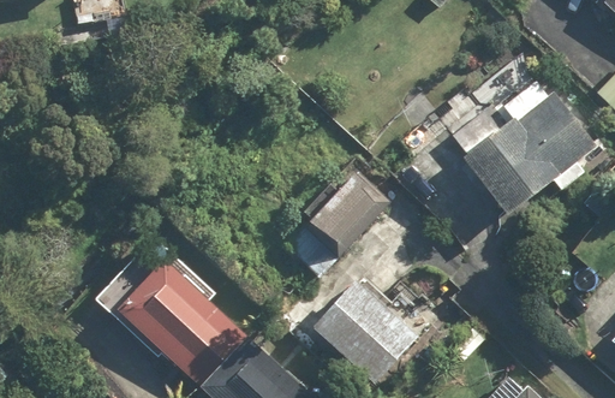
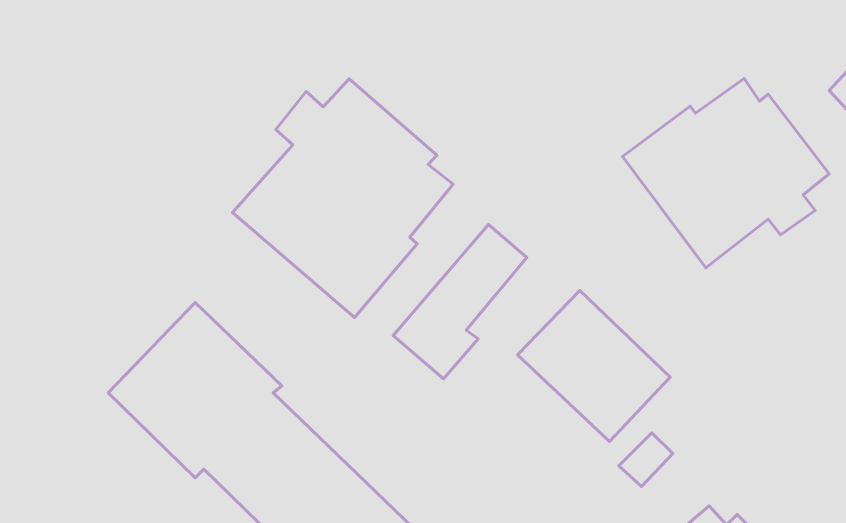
building: none -> [232,79,453,318]
building: [311,277,417,381] -> [517,290,670,442]

